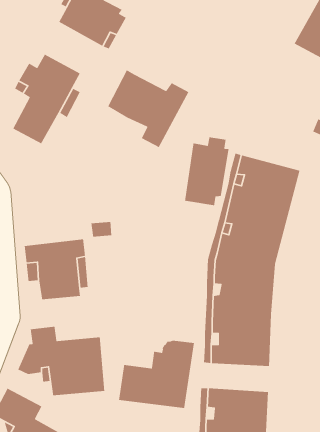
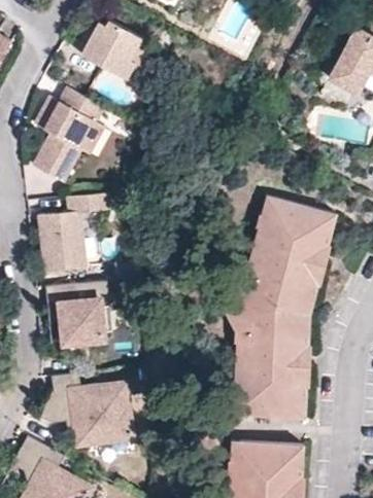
building: [107,69,190,148] -> none
building: [184,137,229,206] -> none
building: none -> [38,194,110,274]
building: [118,340,195,409] -> none

